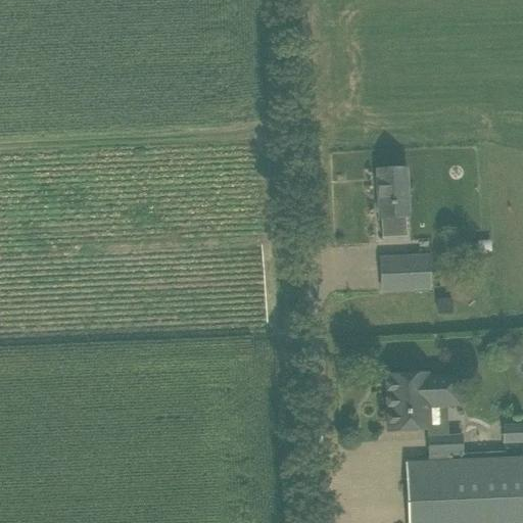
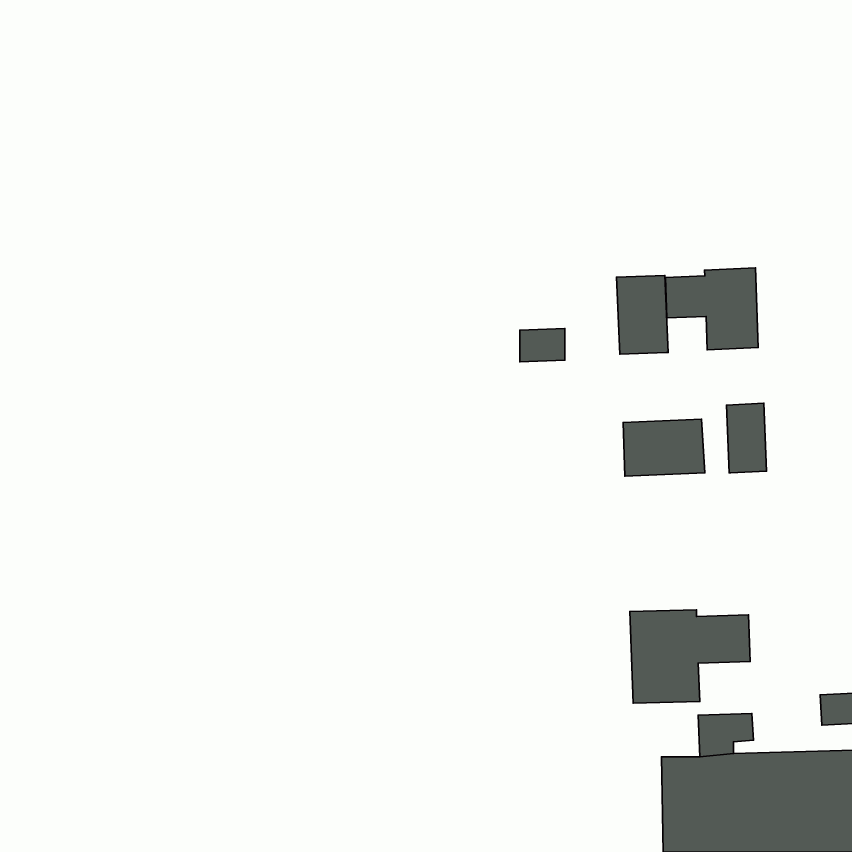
building: none -> [665,268,758,350]
building: [377,217,405,237] -> [520,328,565,362]
building: none -> [726,403,767,473]

